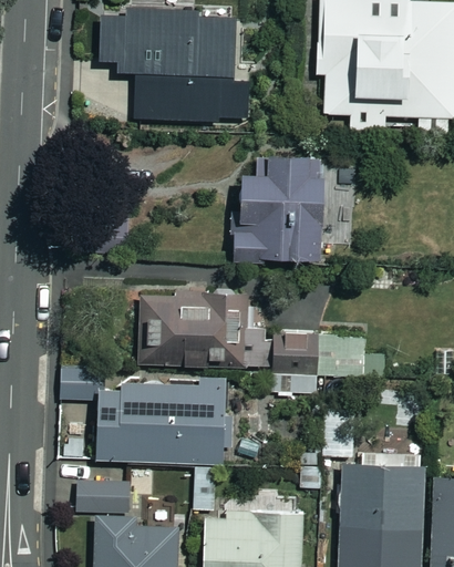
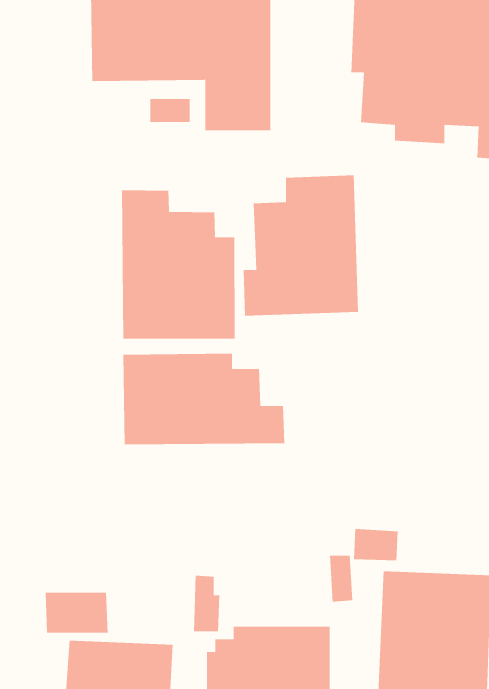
building: none -> [122,189,235,340]
building: [275,306,383,377] -> none
building: [60,364,226,465] -> none

